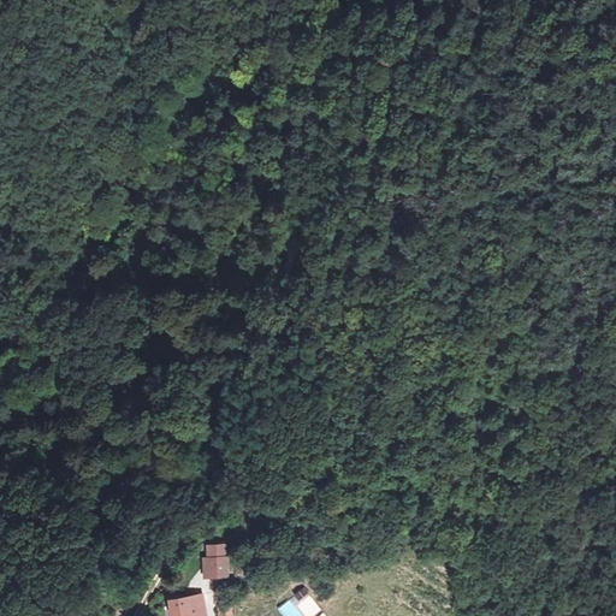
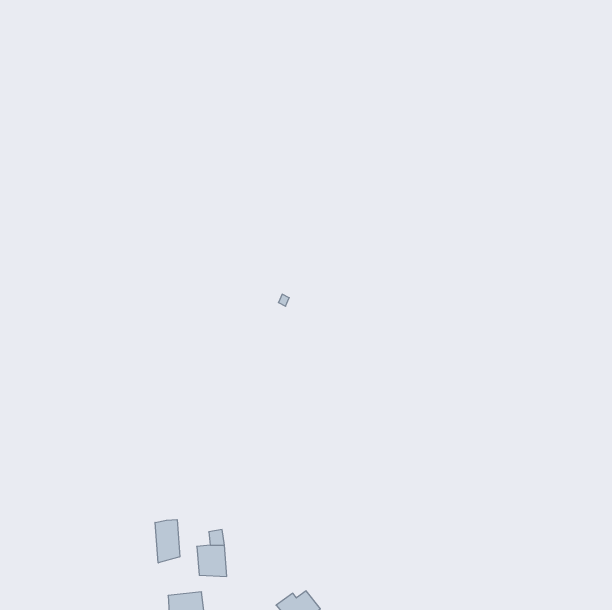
building: none -> [155,520,180,563]

